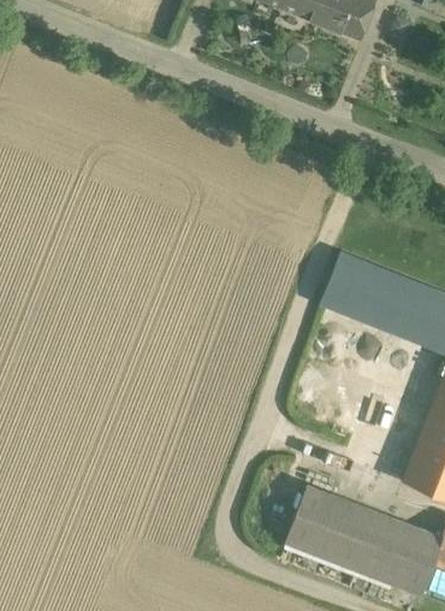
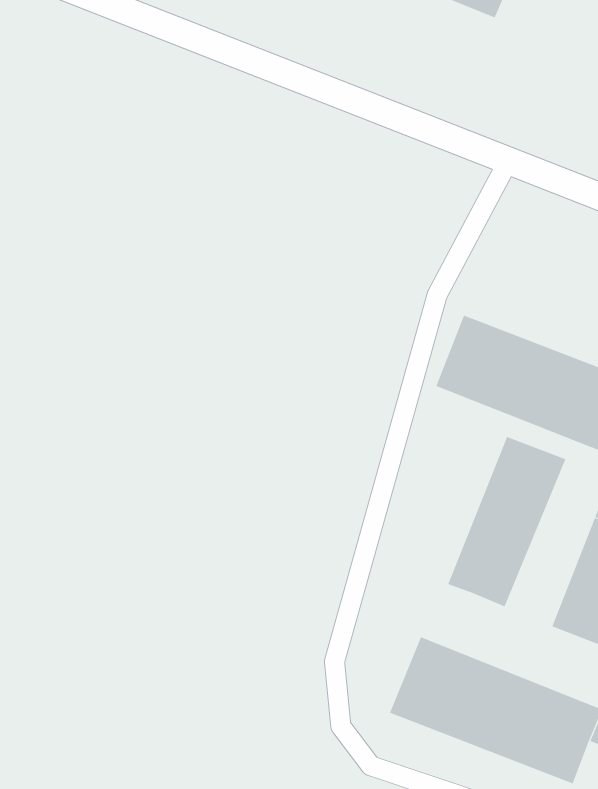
building: none -> [448,436,566,607]

